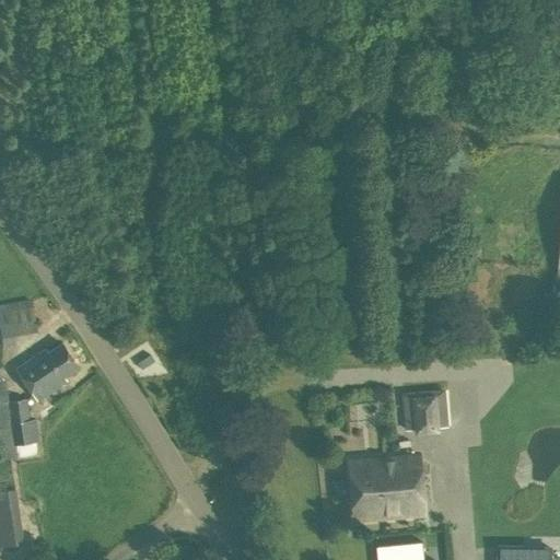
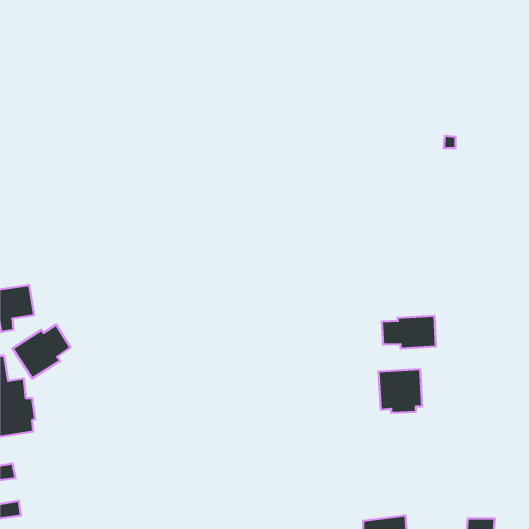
building: none -> [382,316,436,349]
building: [351,458,420,521] -> none

